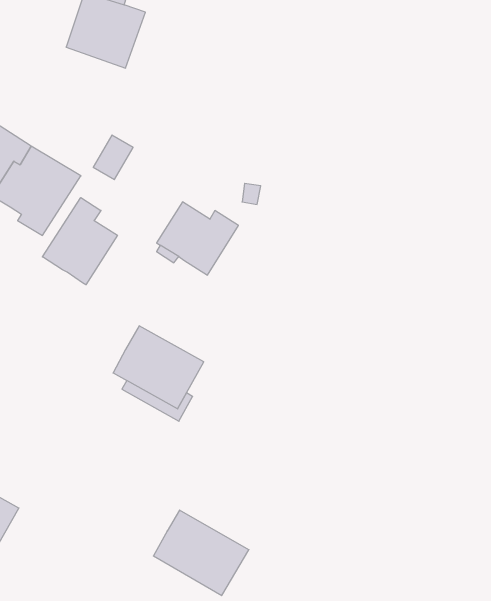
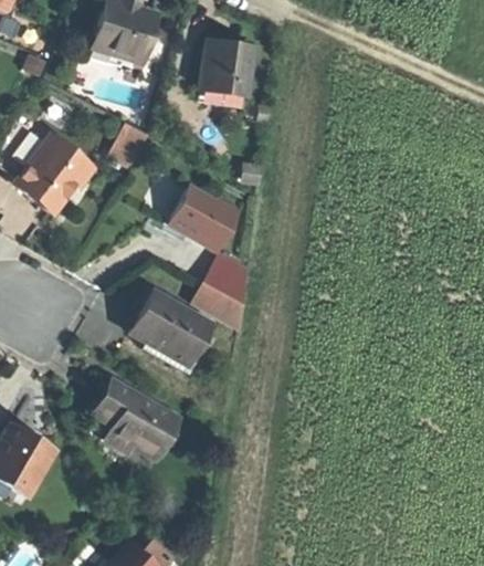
building: none -> [200,40,255,96]
building: [42,198,117,285] -> none
building: none -> [196,253,250,328]
building: [153,510,249,596] -> [91,385,176,461]

